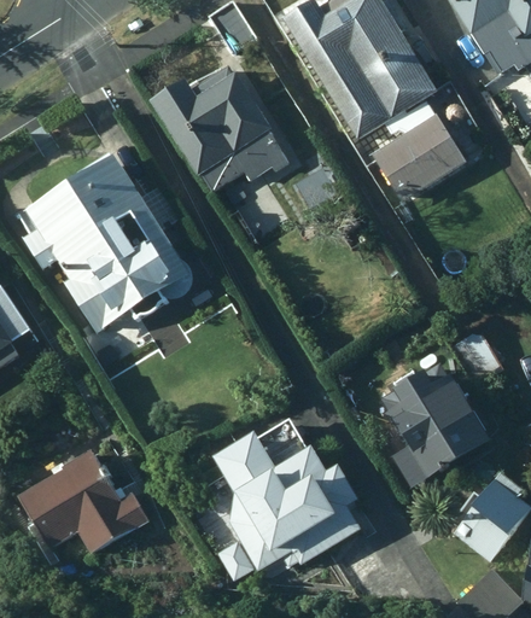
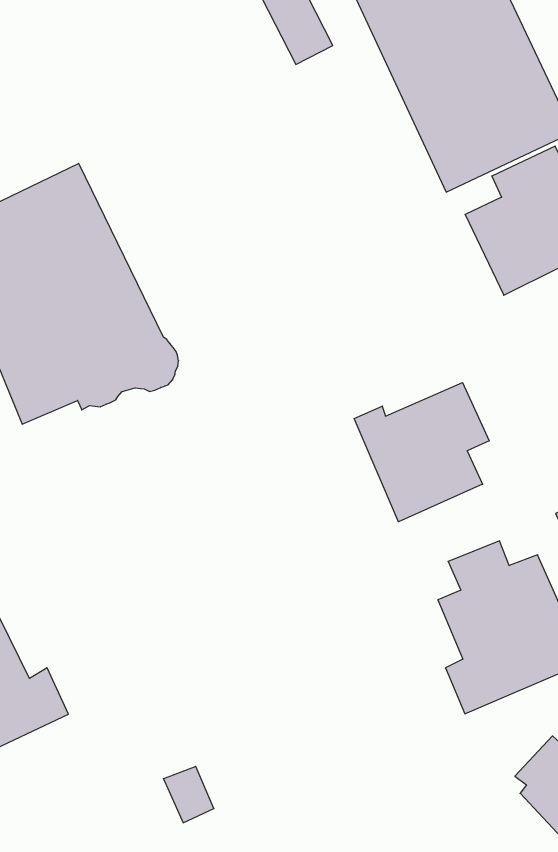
building: [146,62,291,192] -> none
building: none -> [354,383,489,522]
building: [210,418,362,570] -> none

